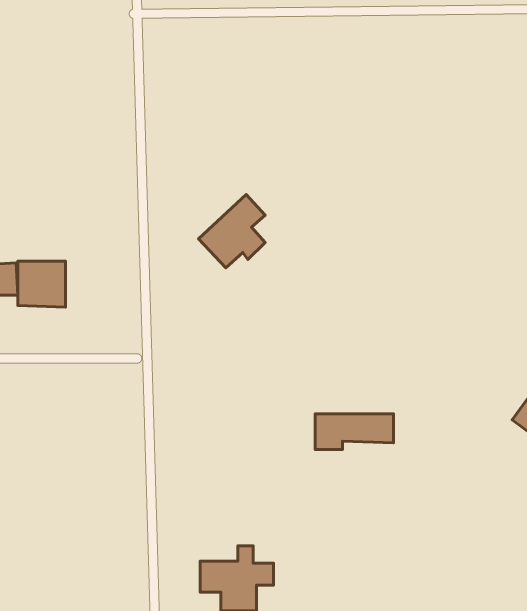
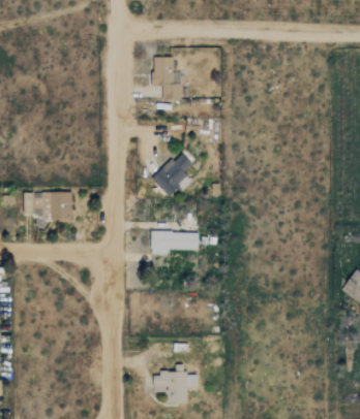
building: none -> [153,57,182,100]
building: [315,414,394,450] -> [151,232,199,254]

